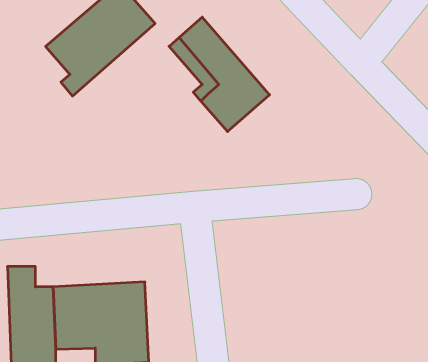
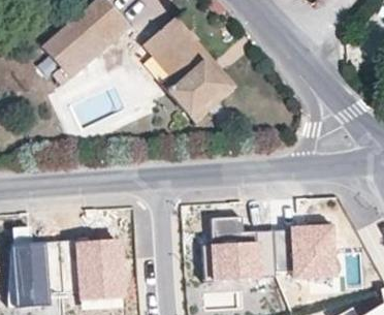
building: none -> [168,14,238,123]
building: none -> [206,218,281,283]
building: none -> [287,223,334,282]

